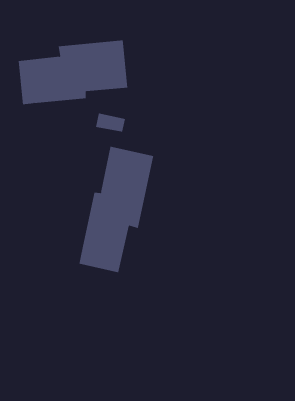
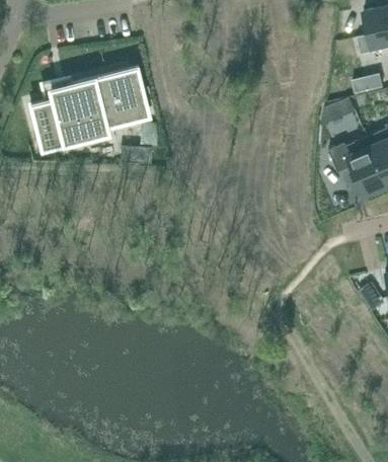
building: [79,146,154,273] -> none

